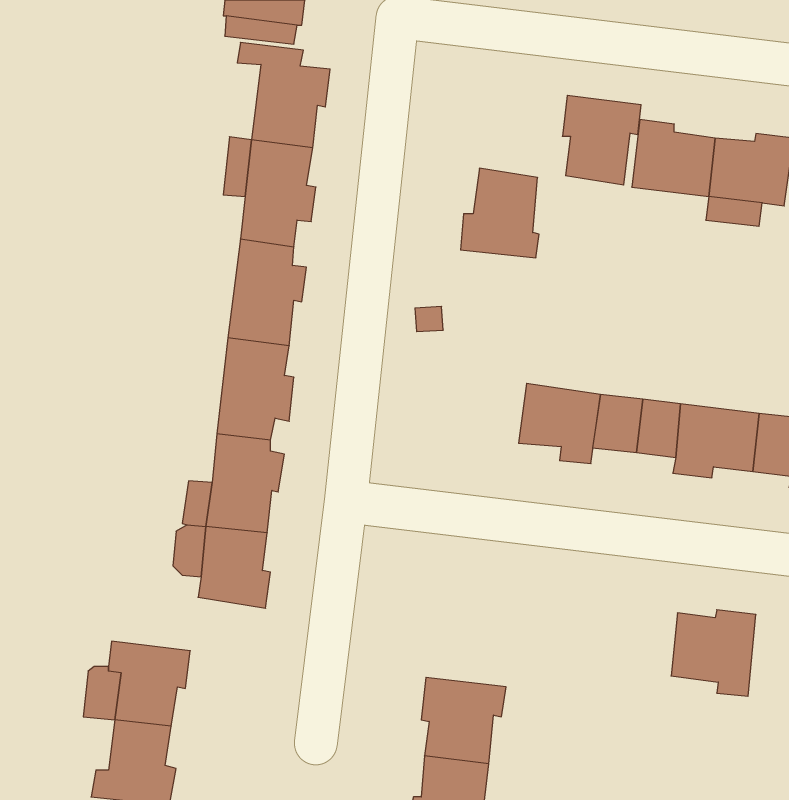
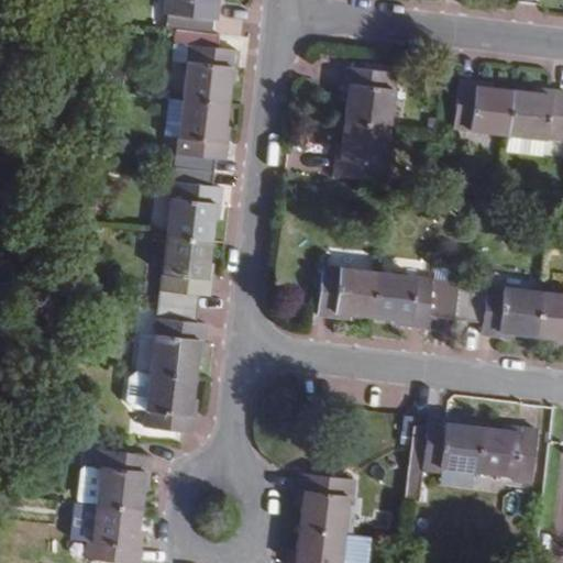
building: [562,95,641,185] -> [343,64,398,126]
building: none -> [314,264,378,316]
building: none -> [423,419,484,481]

